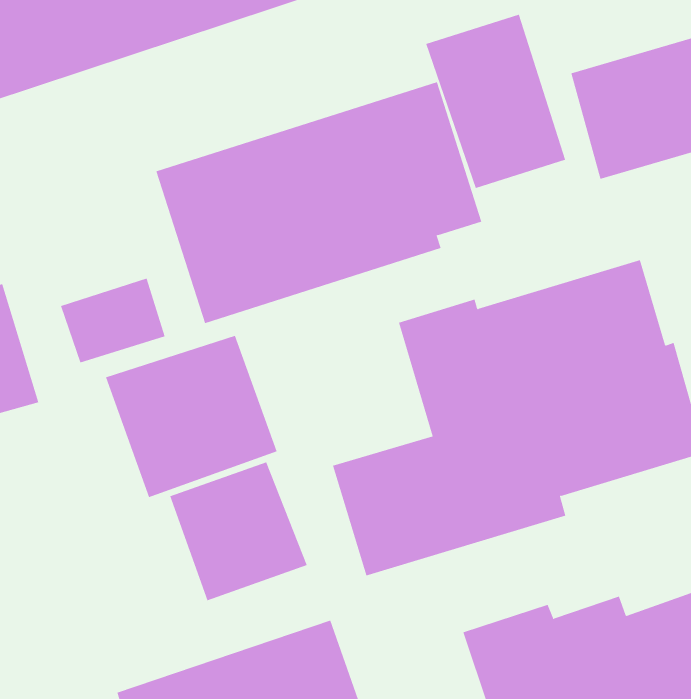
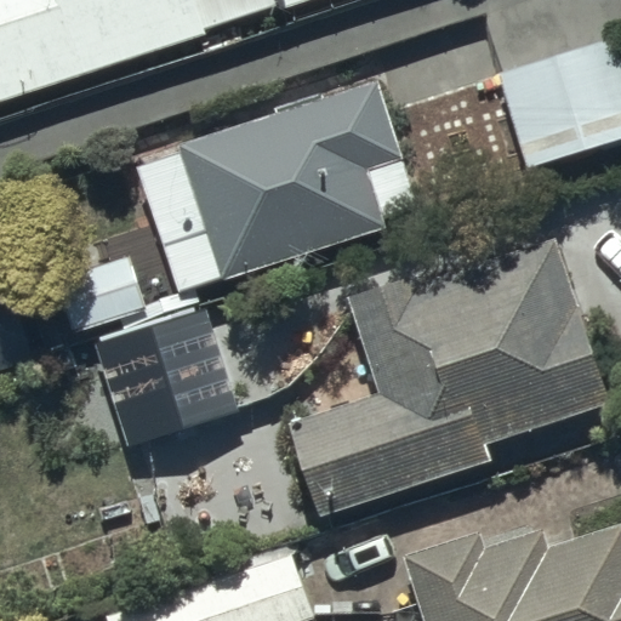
building: [425,14,566,189] -> none
building: [169,461,308,601] -> none

